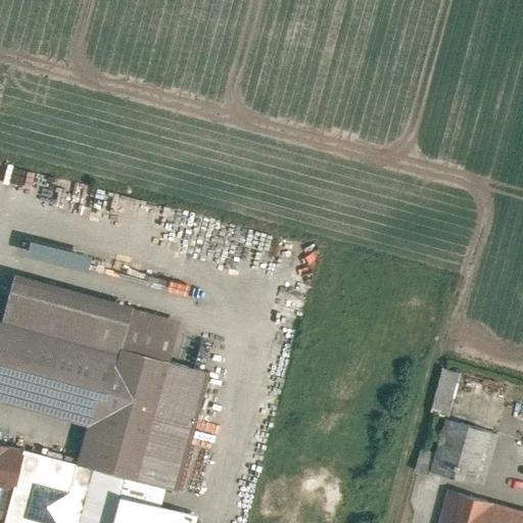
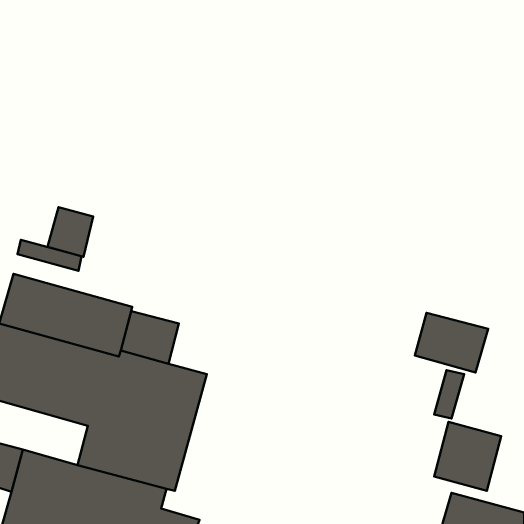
building: none -> [48,207,93,257]
building: none -> [415,313,488,373]

